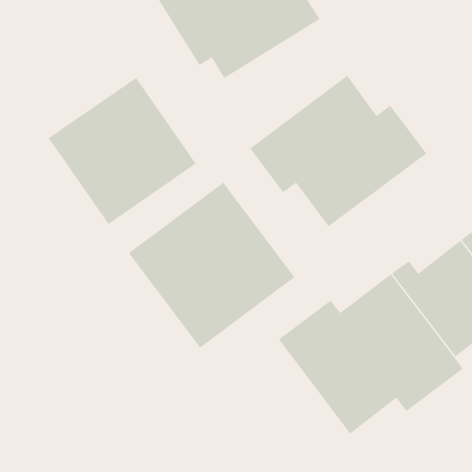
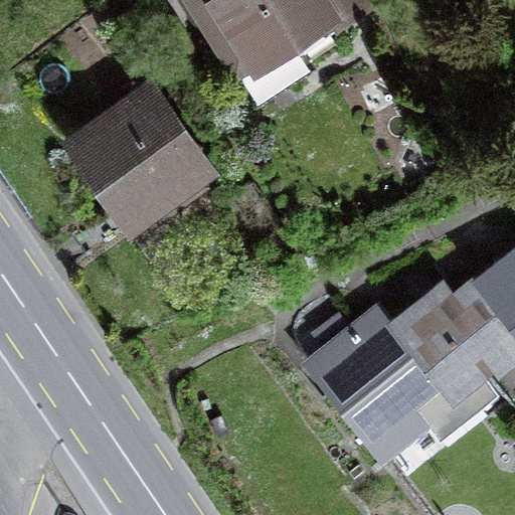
building: [249,75,427,227] -> none
building: [128,182,295,349] -> none

